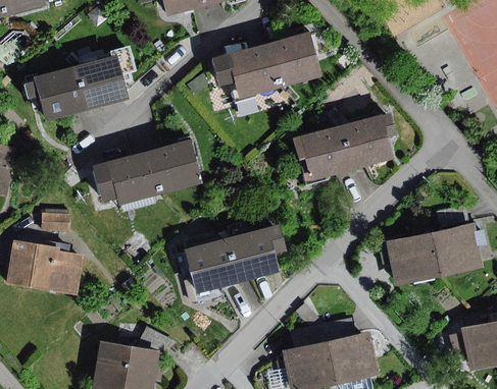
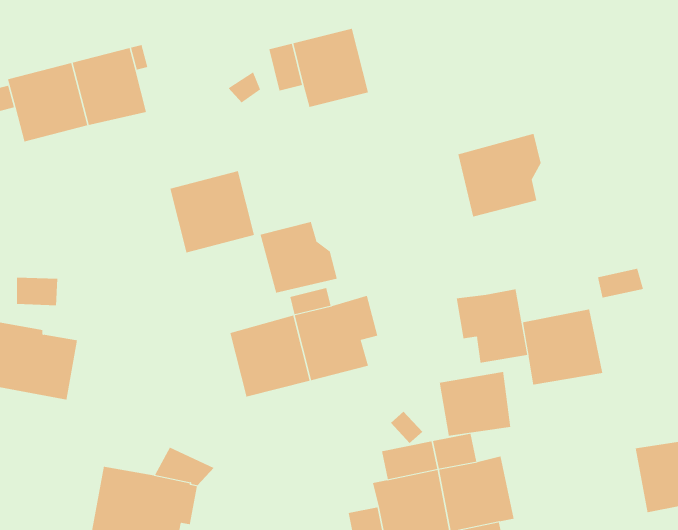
building: [268,33,321,87] -> none
building: [294,128,350,185] -> none
building: [92,152,155,206] -> none
building: none -> [260,221,337,294]
building: none -> [456,288,528,364]
building: [430,225,482,277] -> none
building: none -> [439,371,511,436]

